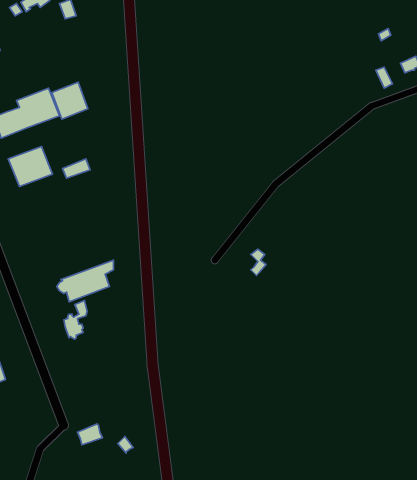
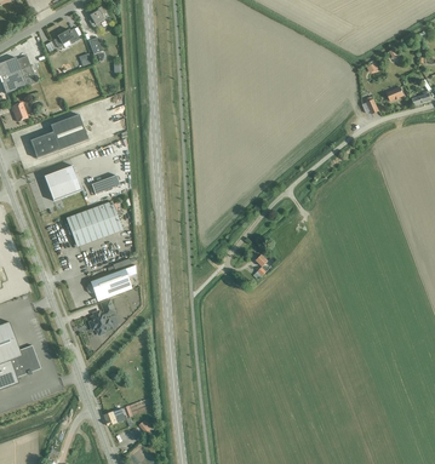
building: [52,82,88,119] -> none
building: none -> [65,200,121,245]

